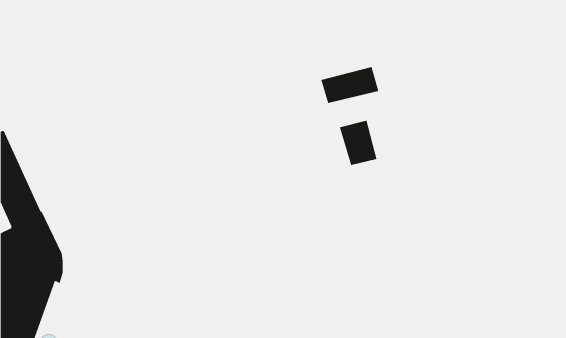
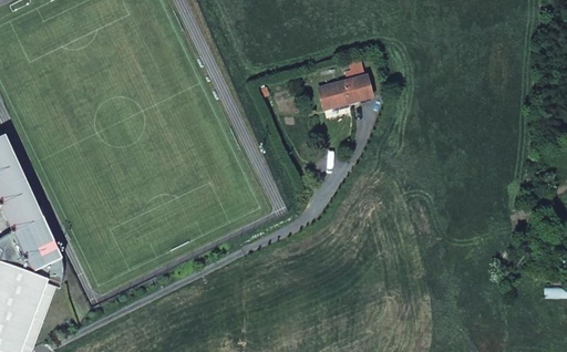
building: [339,120,377,166] -> none

